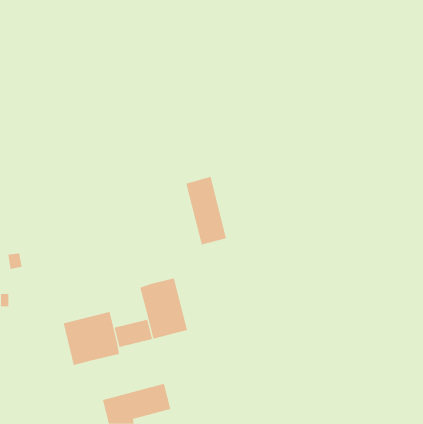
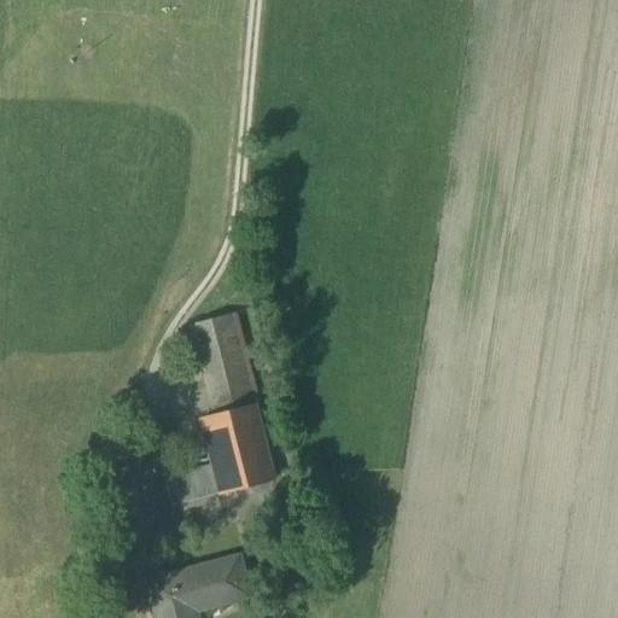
building: [185,176,227,245] -> [196,313,256,413]
building: [63,311,120,366] -> none

